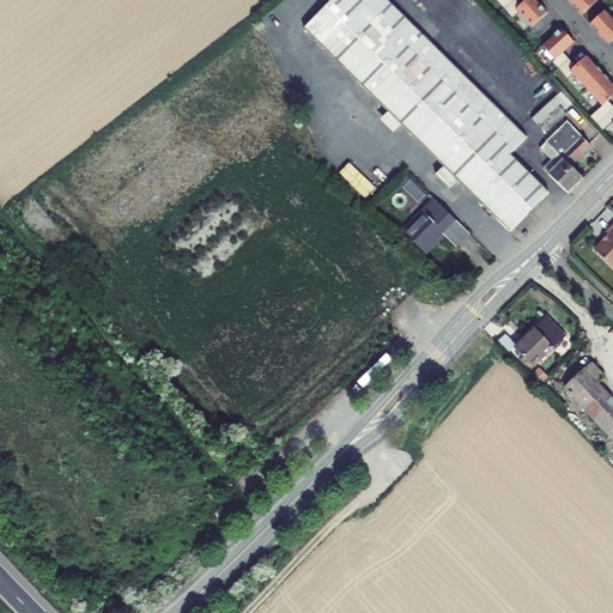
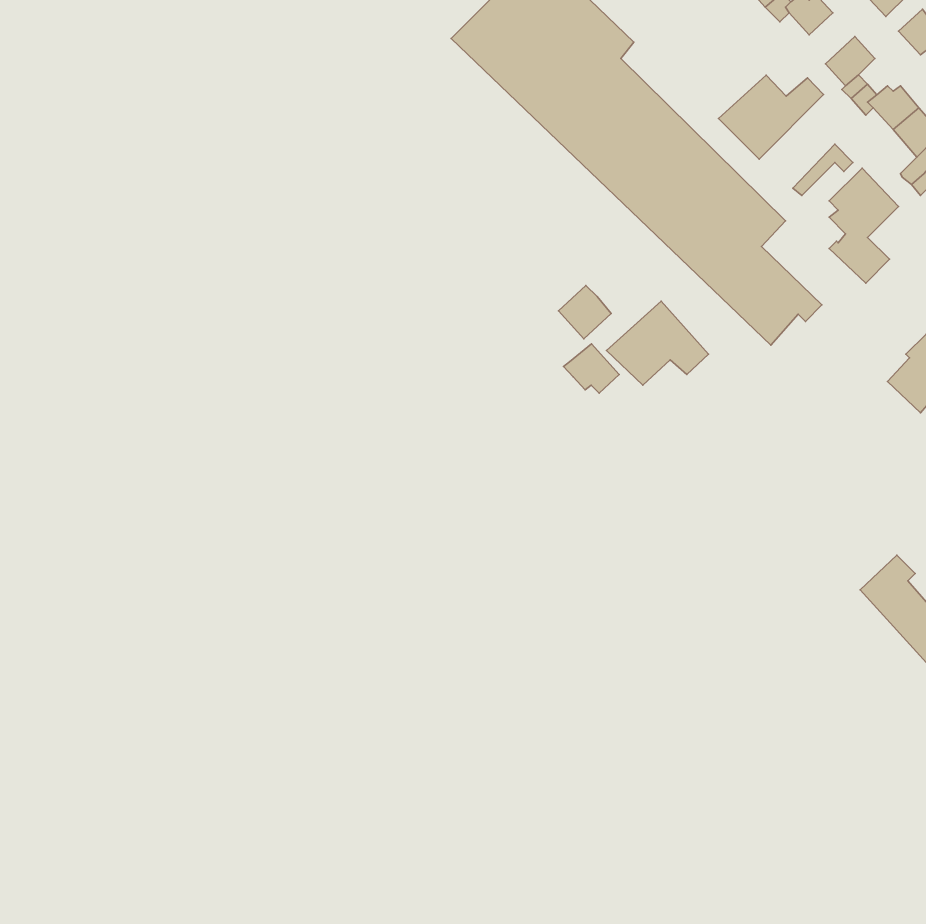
building: none -> [718,75,824,159]
building: none -> [558,285,611,339]
building: none -> [563,344,619,393]
building: [515,314,565,363] -> none

